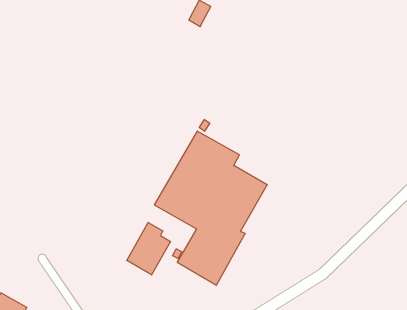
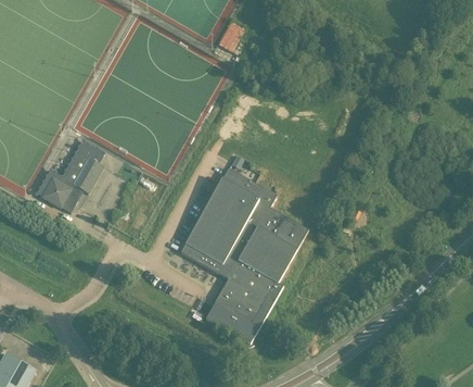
building: none -> [36,150,103,208]
building: [127,222,171,275] -> none

